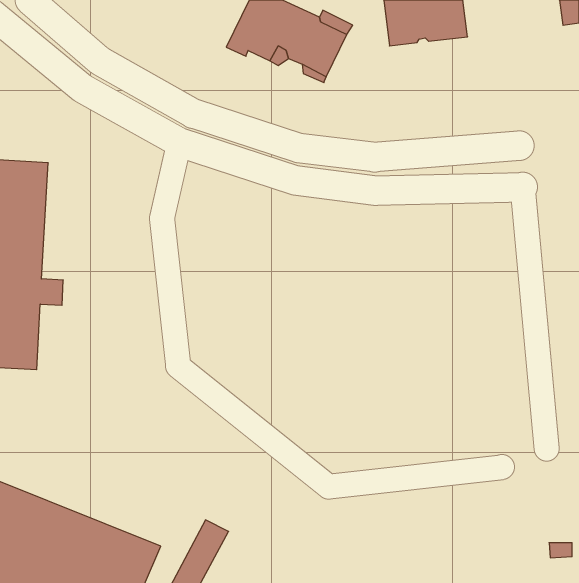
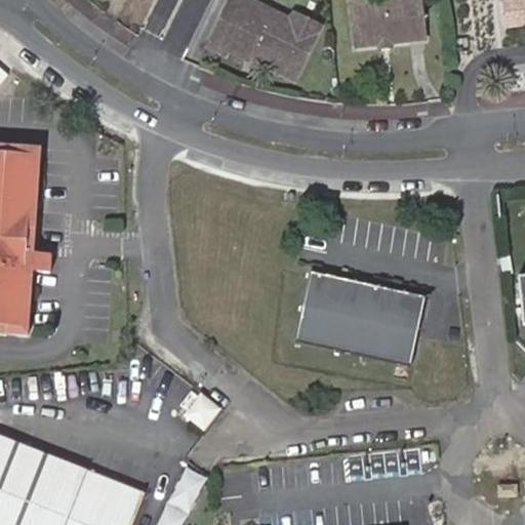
building: none -> [294,269,425,363]

